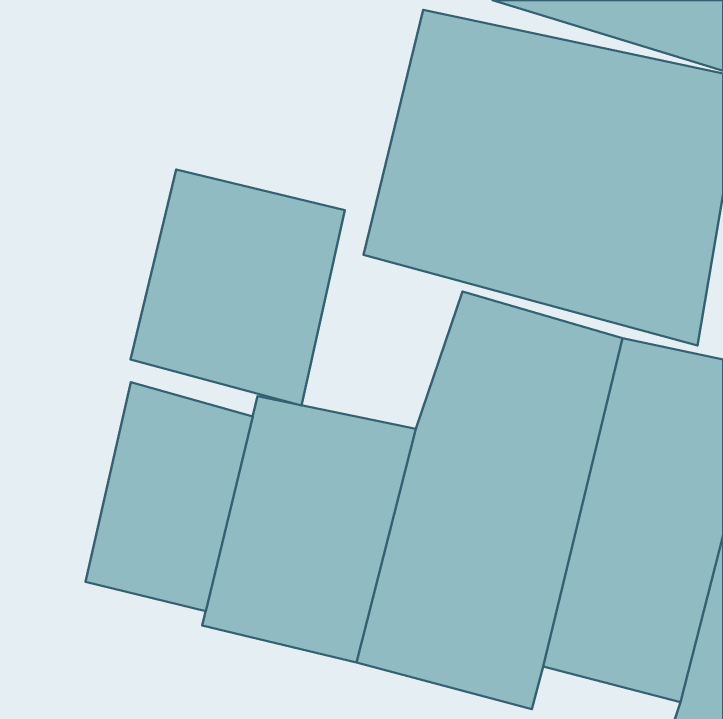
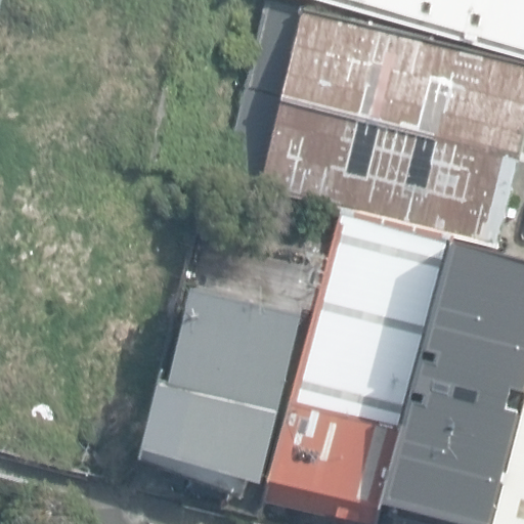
building: [130,169,345,405] -> none
building: [85,382,253,611] -> none

